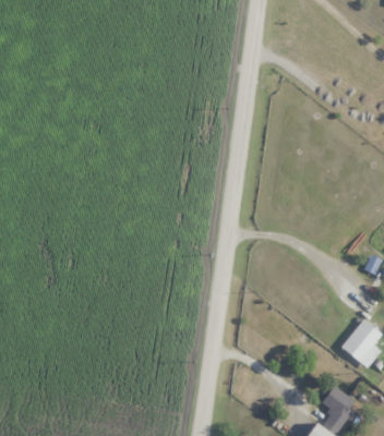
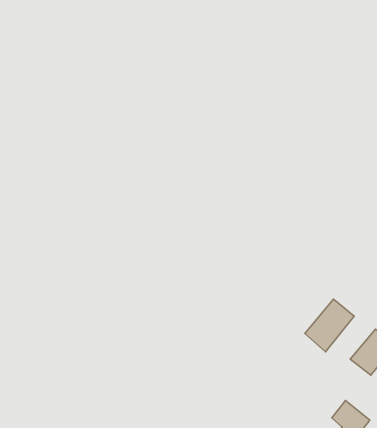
building: none -> [305,299,354,352]

